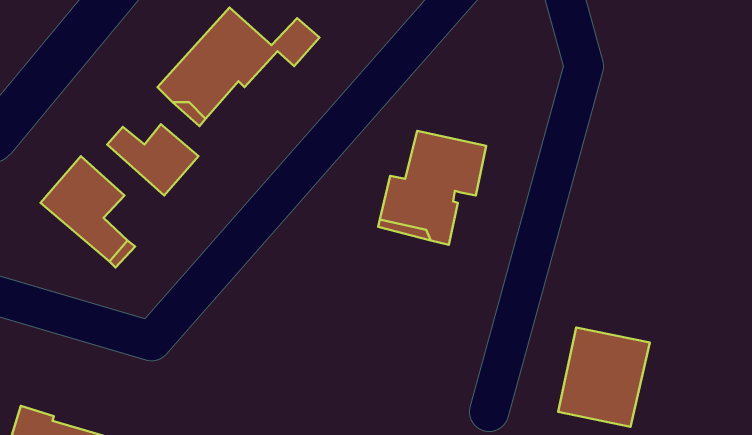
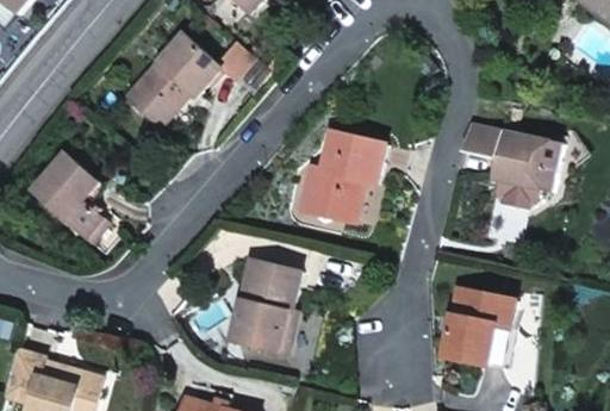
building: none -> [463,124,561,207]
building: [107,124,198,195] -> none
building: none -> [230,260,300,353]

